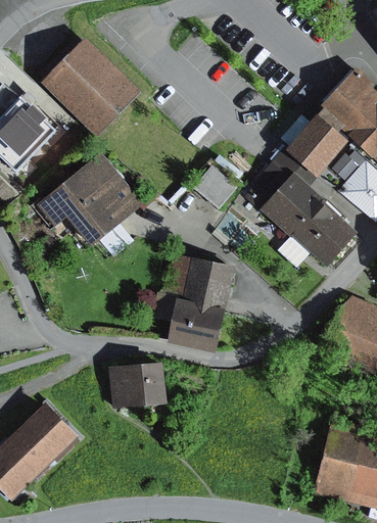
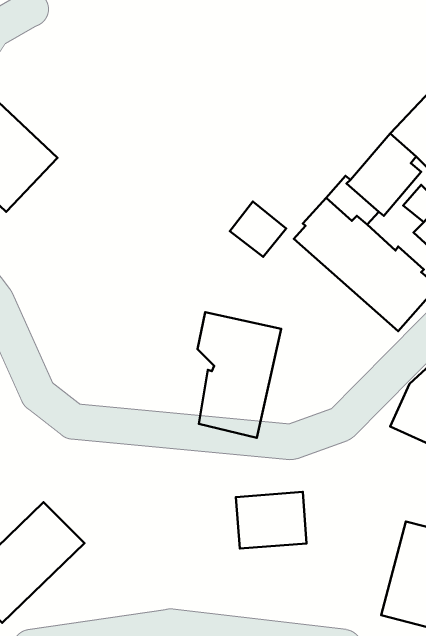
building: [40,38,138,136] -> none
building: [36,151,143,248] -> none
building: [108,364,164,409] -> [236,492,307,549]

